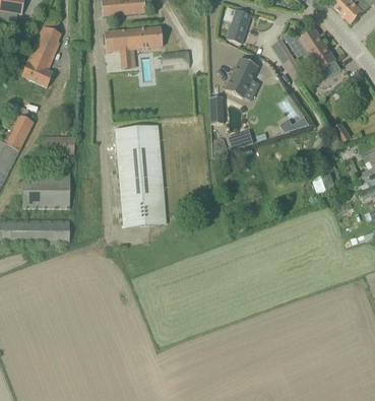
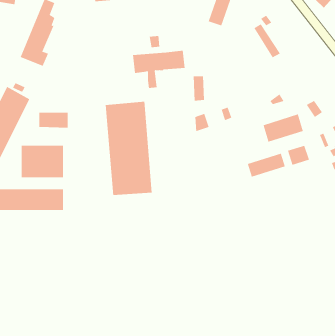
building: [105,26,163,68] -> [132,50,186,89]
building: [300,27,342,78] -> none
building: [225,58,260,101] -> none
building: none -> [263,114,303,142]
building: none -> [247,153,285,178]

